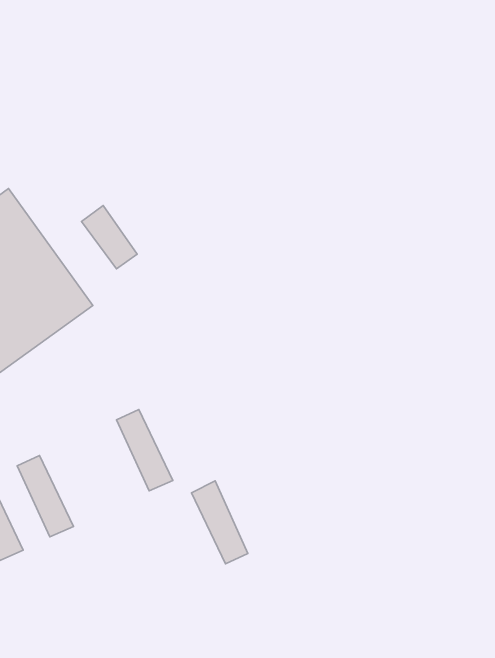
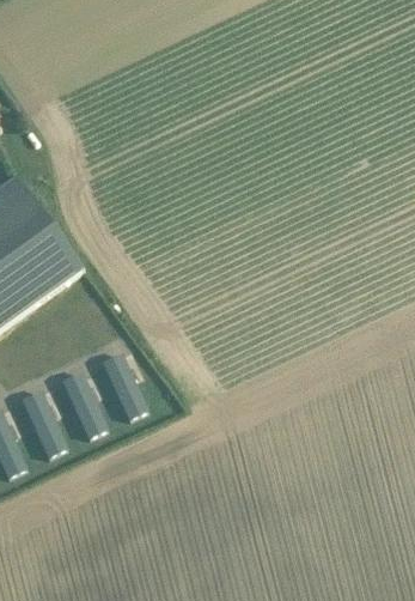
building: [82,206,137,269] -> none
building: [191,481,248,564] -> [62,371,108,438]

